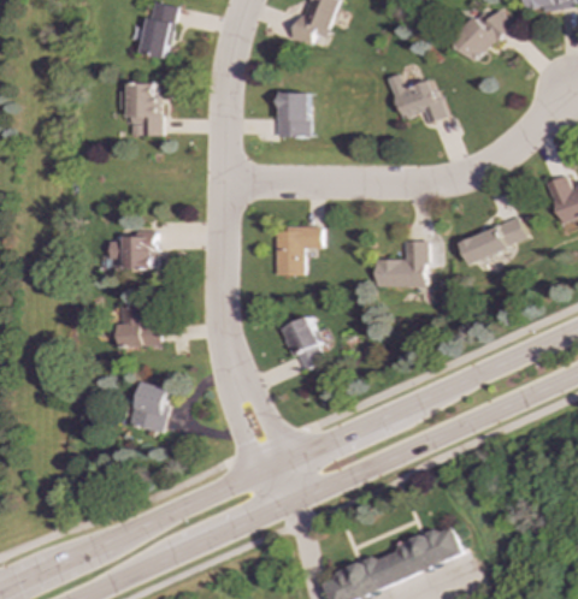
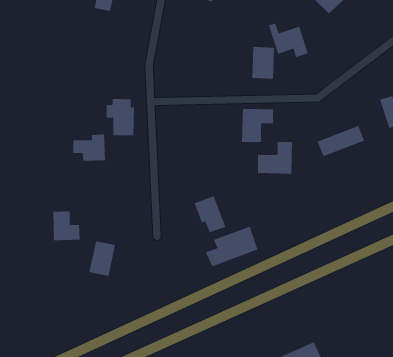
building: [119,82,160,135] -> [106,98,135,136]
building: [276,91,308,137] -> [252,47,275,79]
building: [273,226,319,274] -> [241,108,274,143]
building: [122,304,161,346] -> [52,211,81,241]
building: none -> [205,226,258,267]

